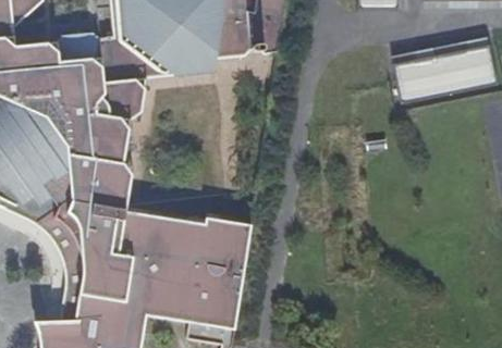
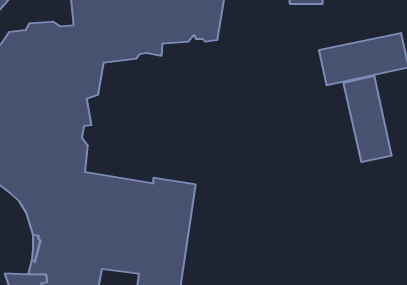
building: none -> [343,76,392,162]

